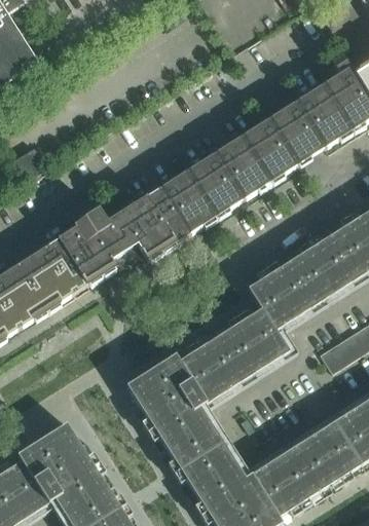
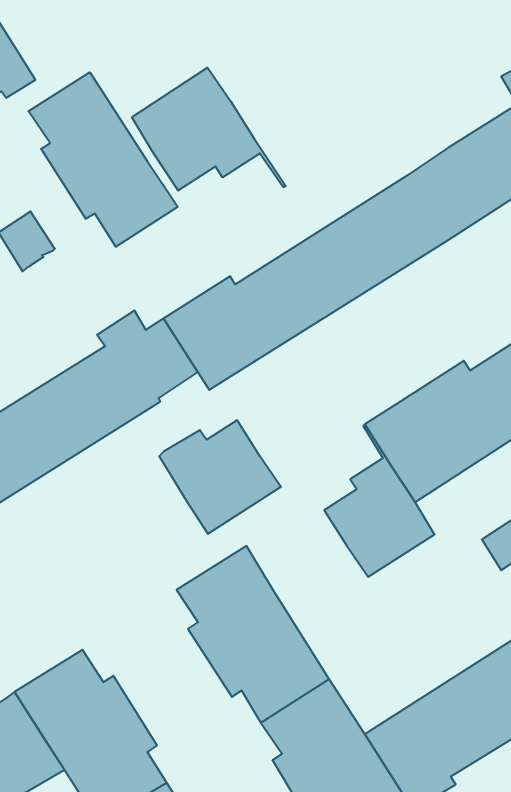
building: none -> [132,68,286,191]
building: none -> [28,72,178,247]
building: [171,335,248,407] -> [159,420,281,534]

